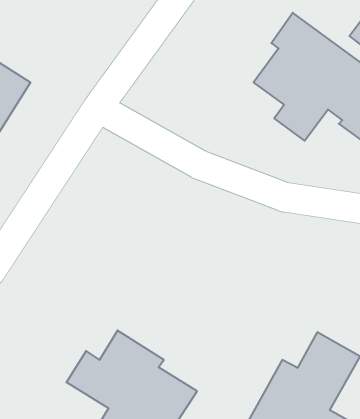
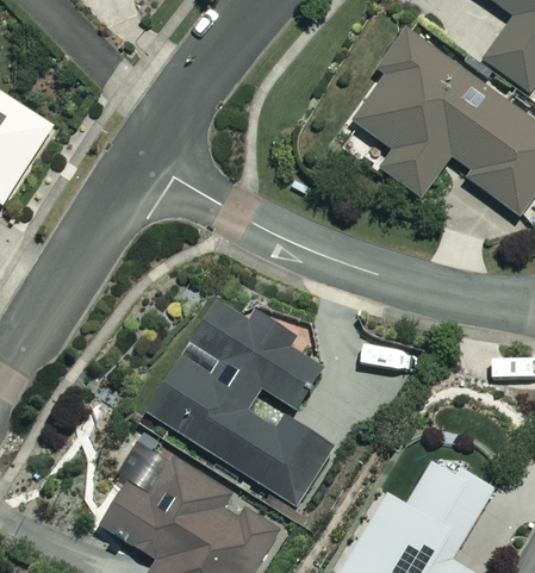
building: none -> [148,294,334,504]

